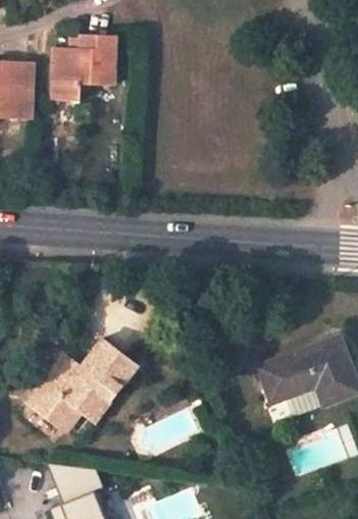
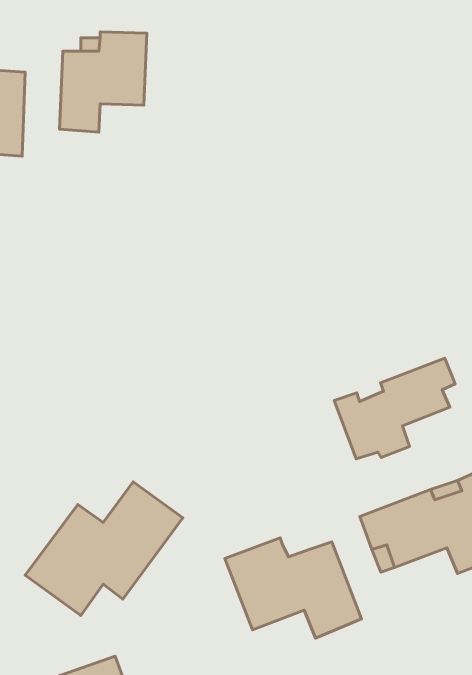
building: none -> [334,358,455,459]
building: none -> [225,538,362,638]

